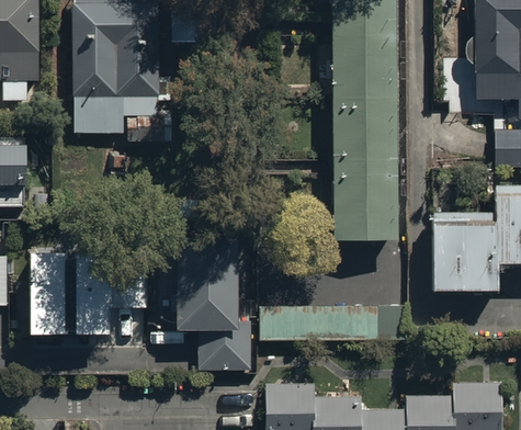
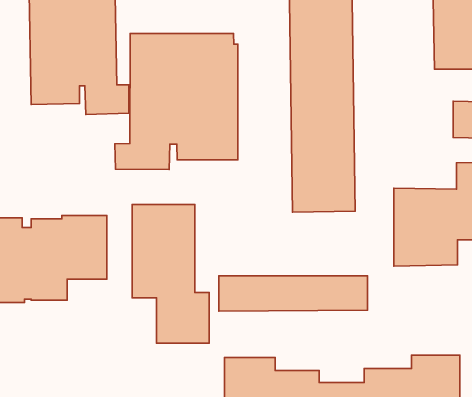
building: none -> [115,33,238,170]

